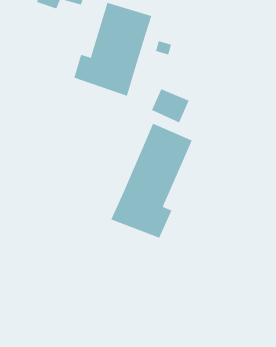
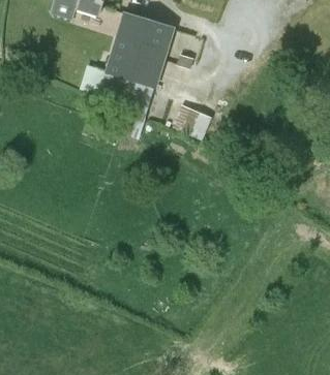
building: [110,123,192,238] -> none

